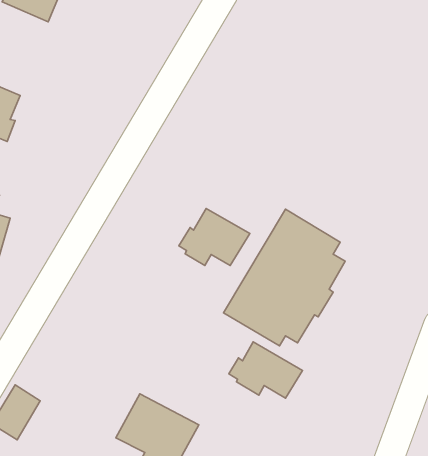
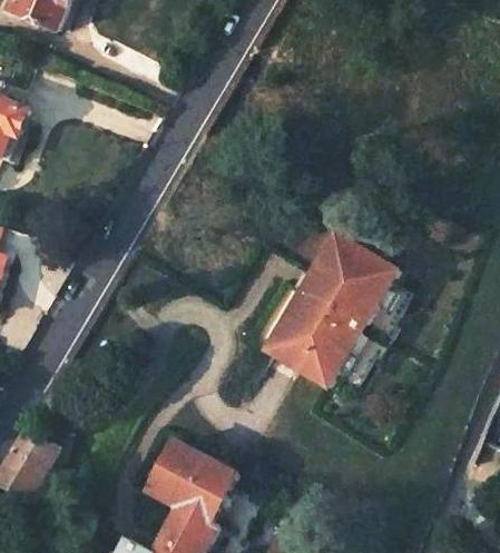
building: [179,208,250,266] -> none
building: [229,342,303,398] -> none

